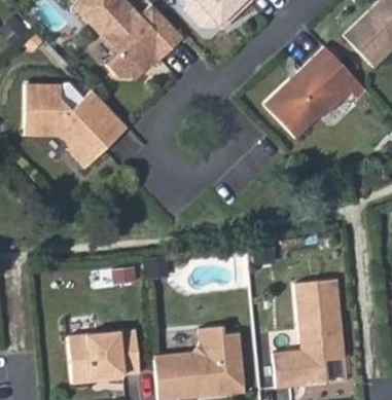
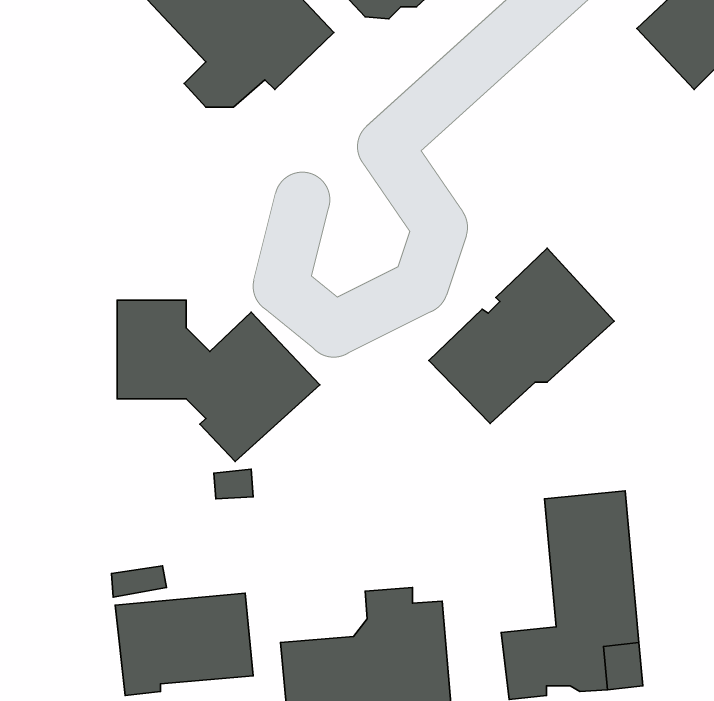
building: [261,45,358,137] -> [429,248,614,423]
building: [22,84,128,169] -> [117,300,320,462]

